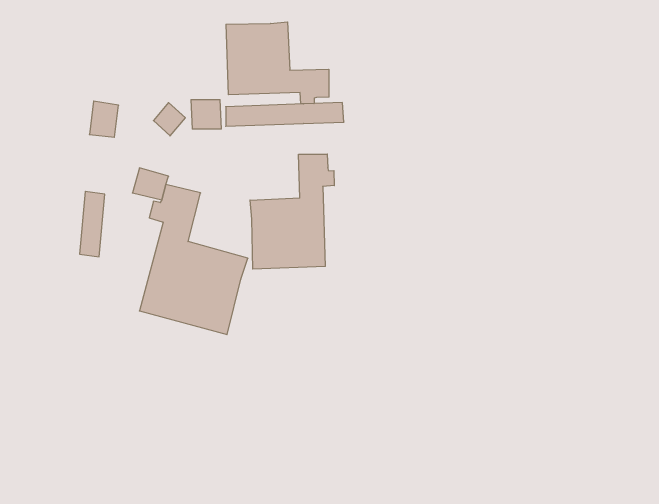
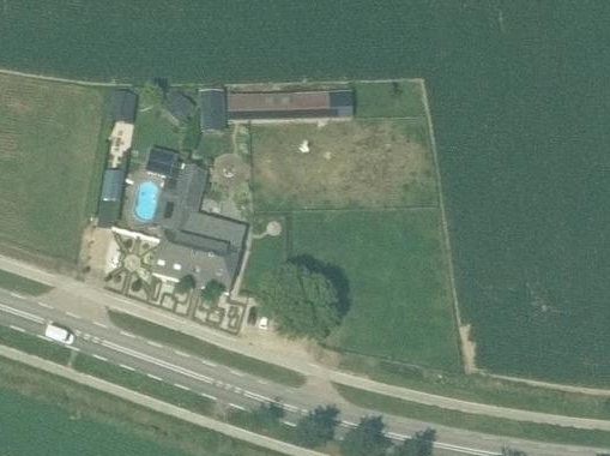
building: [226,22,329,104] -> none
building: [250,154,334,269] -> none

